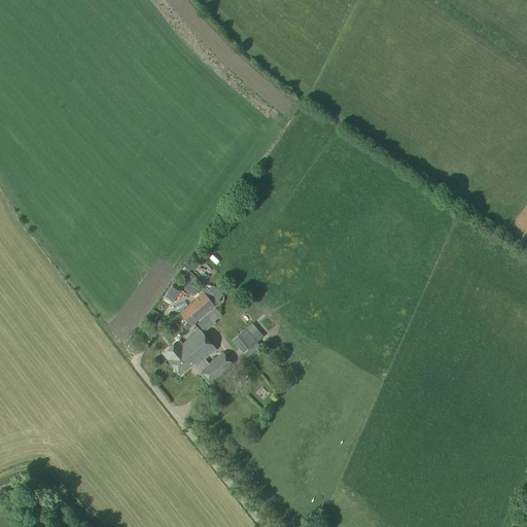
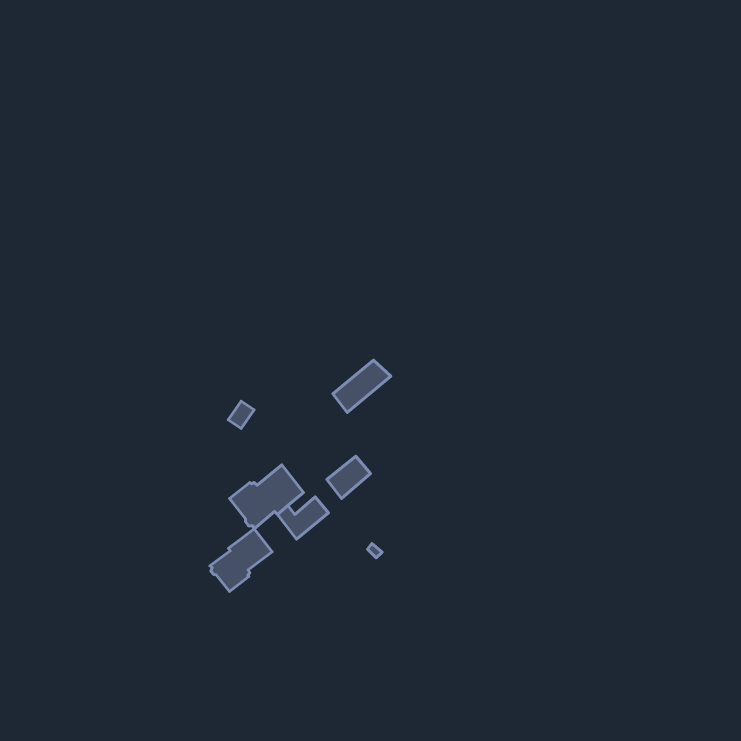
building: [180,289,221,326] -> [333,360,391,413]
building: none -> [210,529,272,592]

